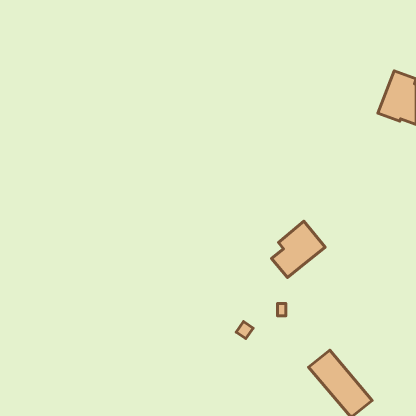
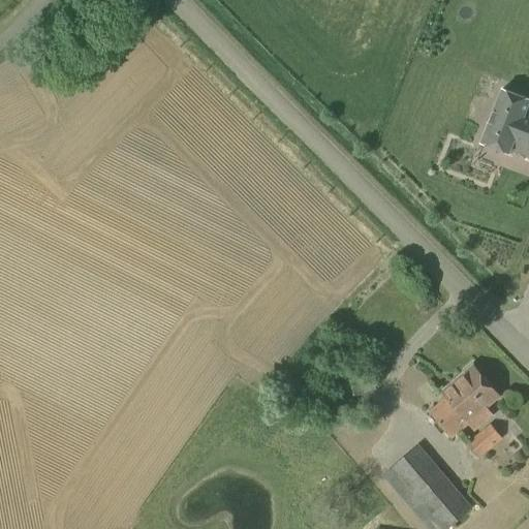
building: [271,221,325,277] -> [430,366,498,437]
building: none -> [467,424,502,458]

